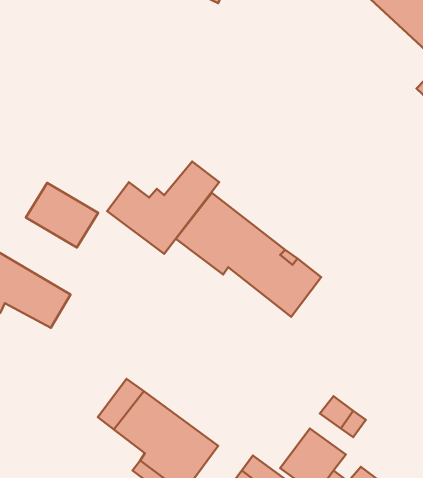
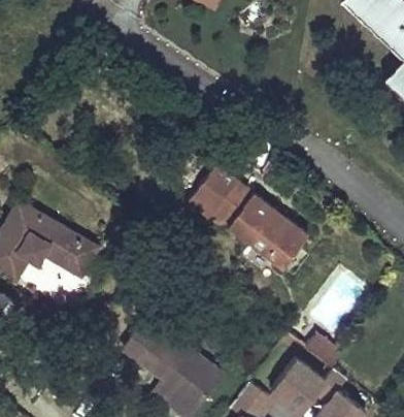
building: [107,162,219,254] -> none
building: [26,183,98,247] -> none

